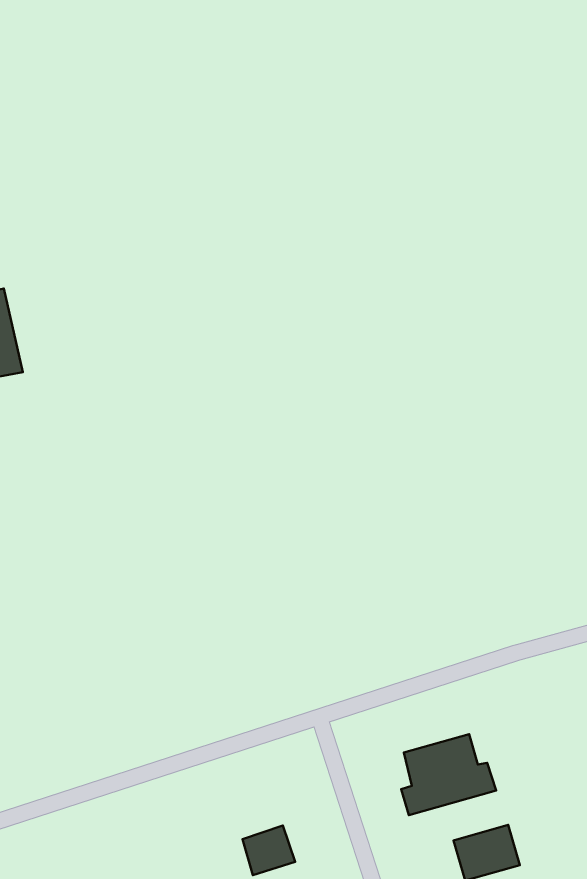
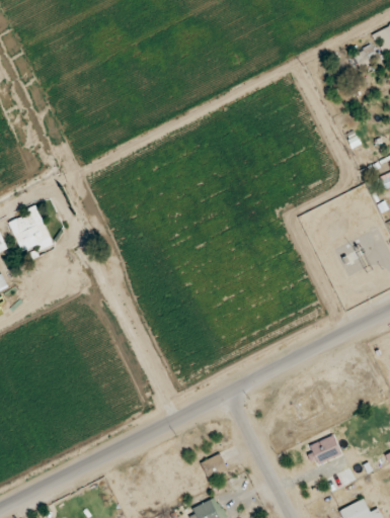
building: [401,734,496,815] -> none

